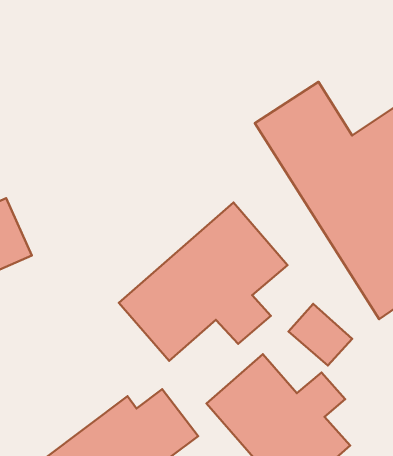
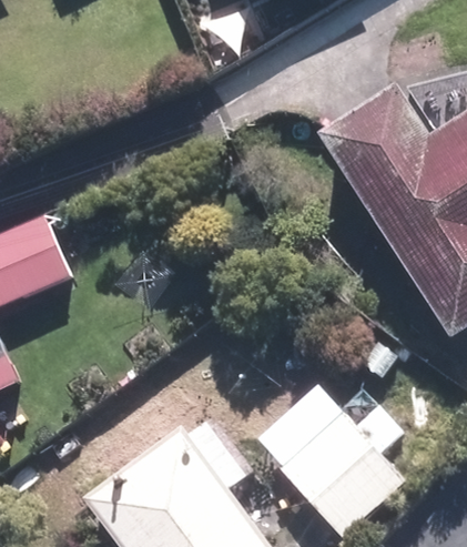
building: [119,203,288,361] -> none

